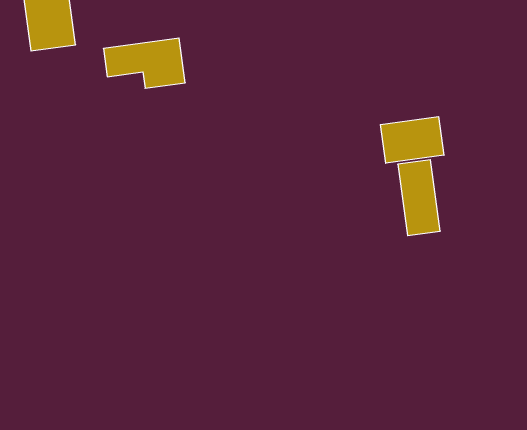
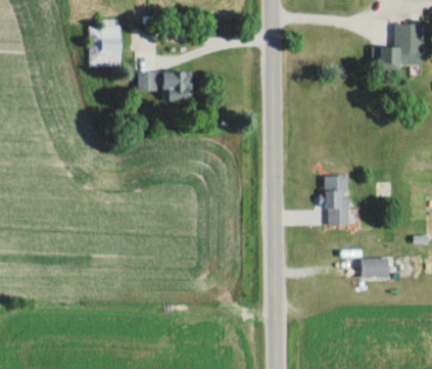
building: [380,117,444,163] -> none
building: none -> [349,258,390,276]

